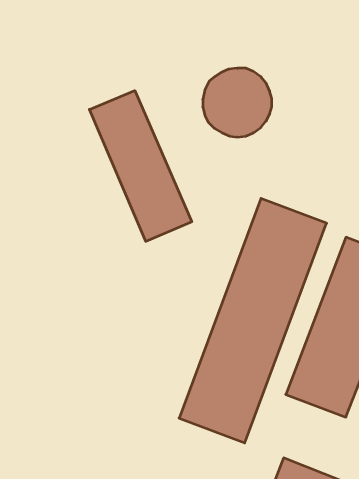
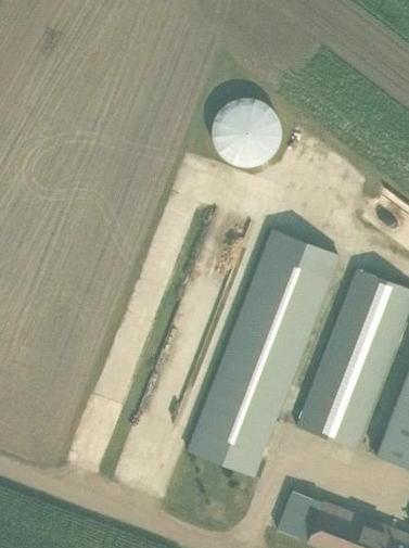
building: [89,91,192,241] -> none

